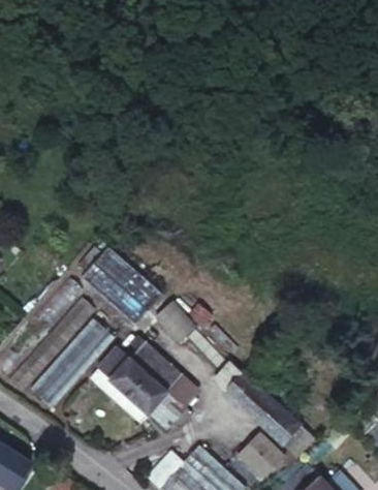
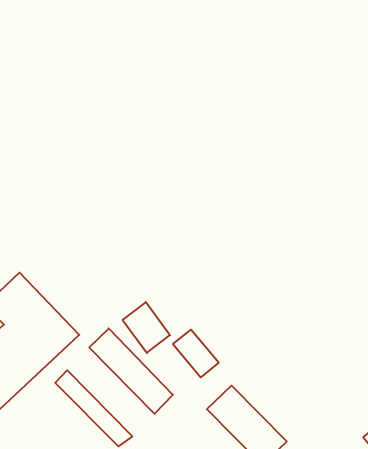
building: [76,243,163,327] -> none
building: [106,350,184,424] -> none

